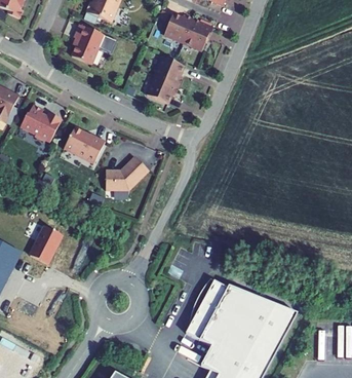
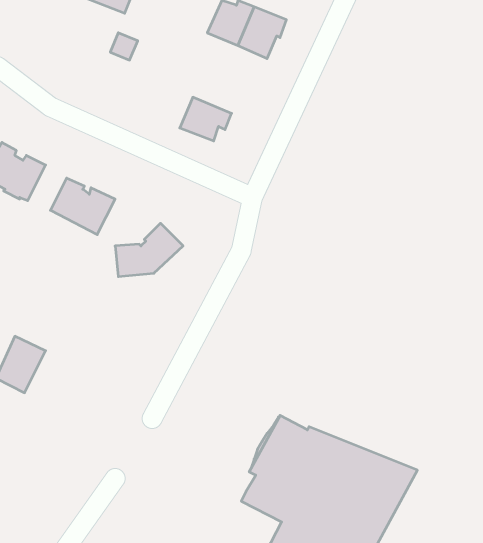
building: [72,24,105,64] -> none
building: [155,56,184,85] -> none

